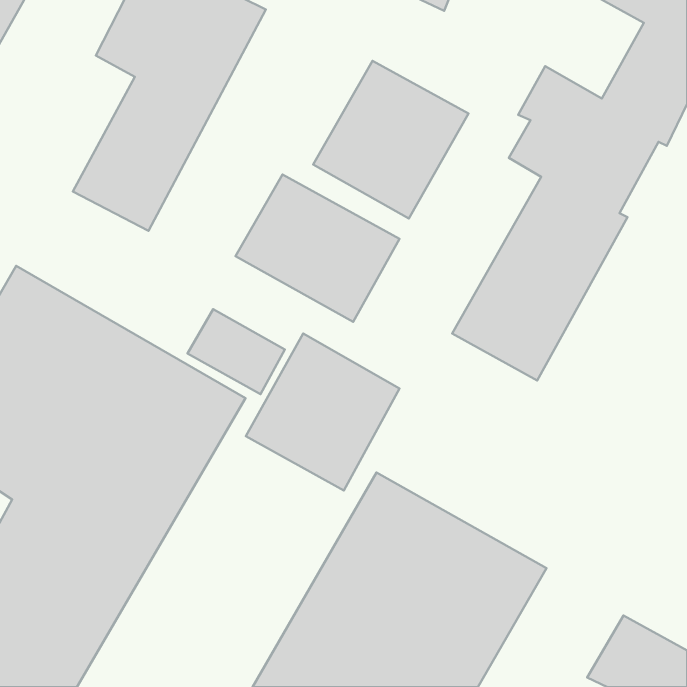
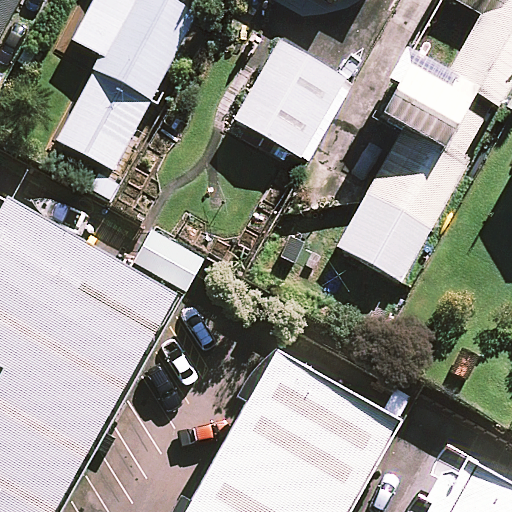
building: [235,175,399,322] -> none
building: [246,334,400,491] -> none

